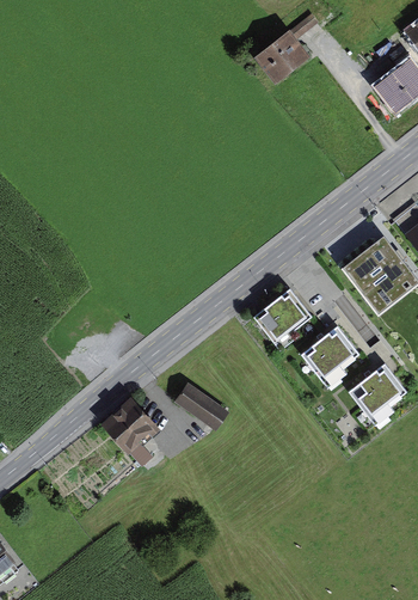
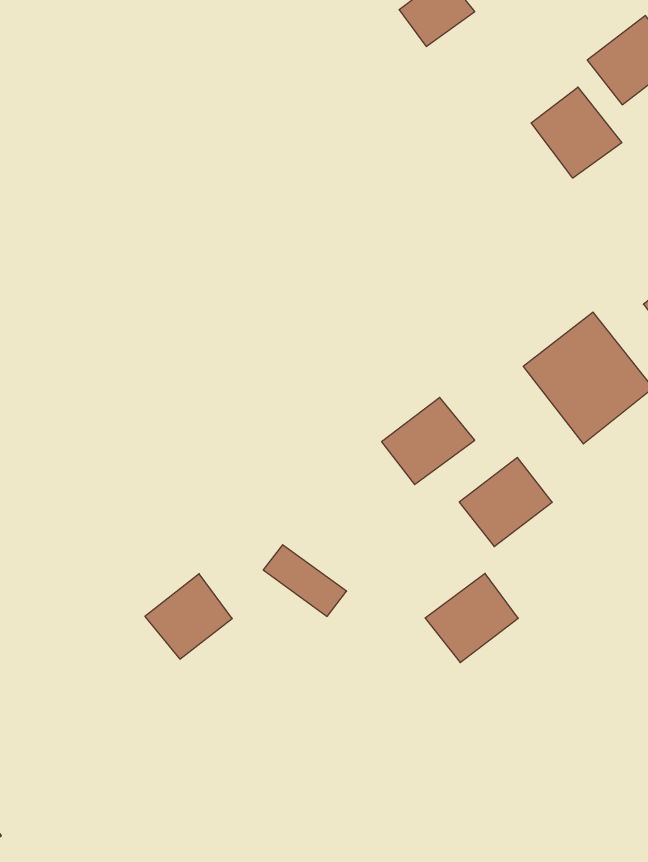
building: none -> [531,87,622,178]
building: [344,366,401,421] -> [425,573,518,663]

